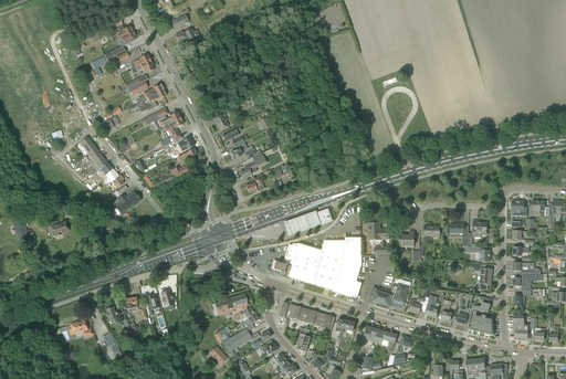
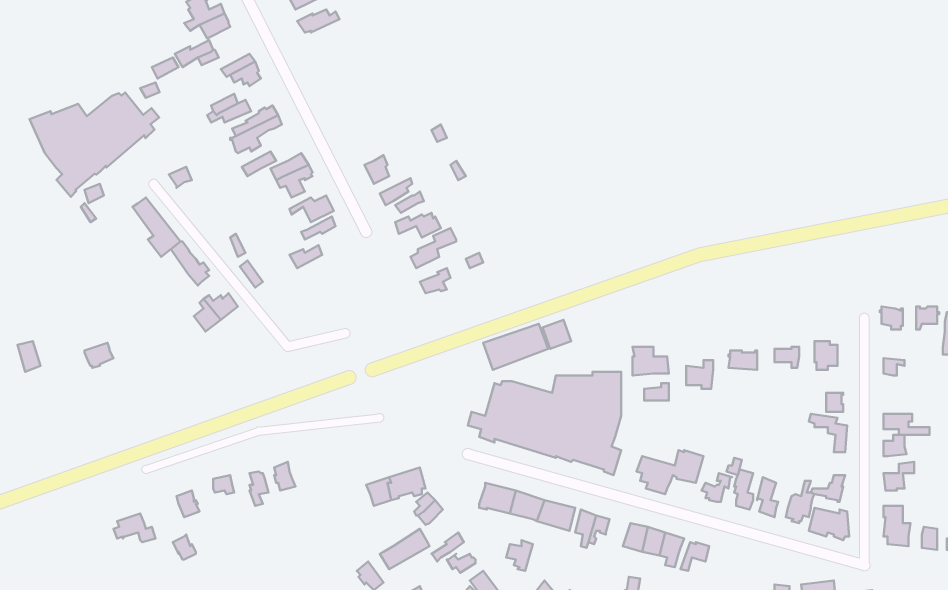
building: none -> [30,93,159,197]

